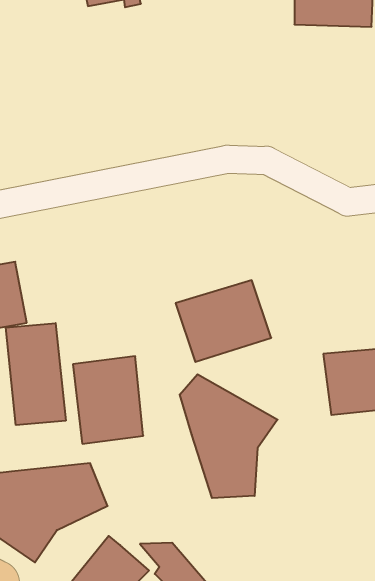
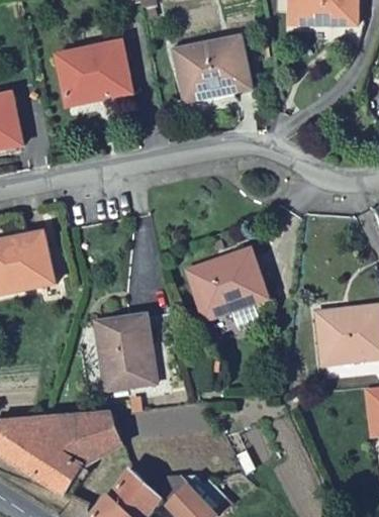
building: none -> [175,34,252,101]
building: none -> [55,39,132,106]
building: [6,323,66,425] -> none
building: [180,374,278,498] -> none

